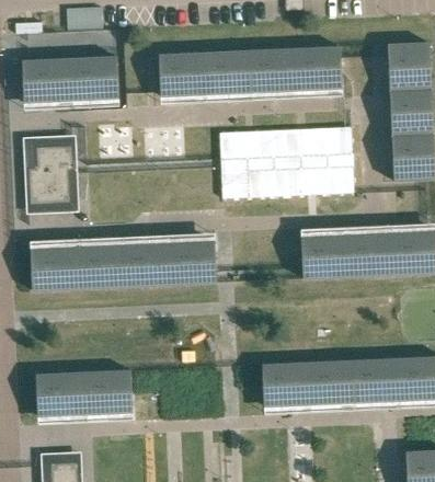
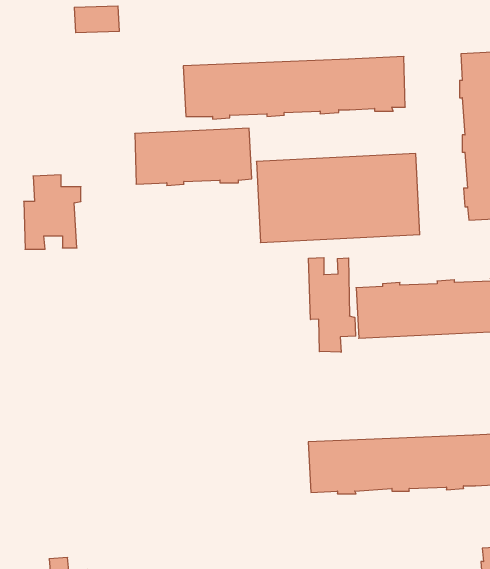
building: [23,57,119,104] -> [135,128,252,185]
building: none -> [309,258,356,352]
building: [31,240,217,291] -> none
building: [36,370,133,417] -> none

